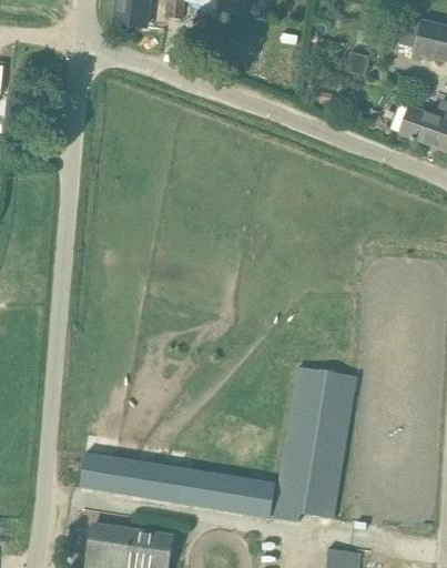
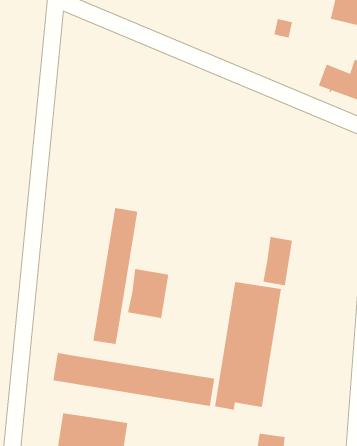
building: none -> [93,207,138,345]
building: none -> [262,236,293,286]
building: none -> [127,268,169,319]

